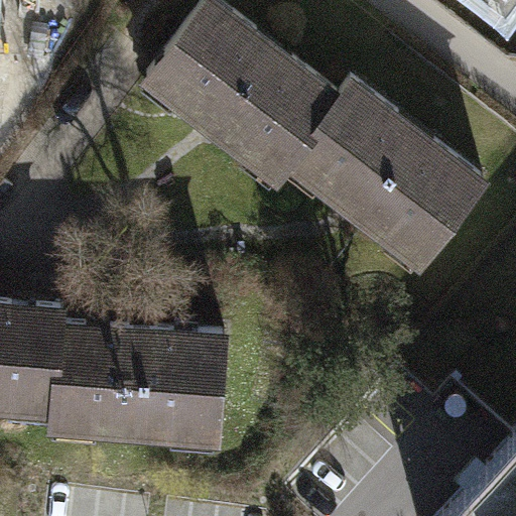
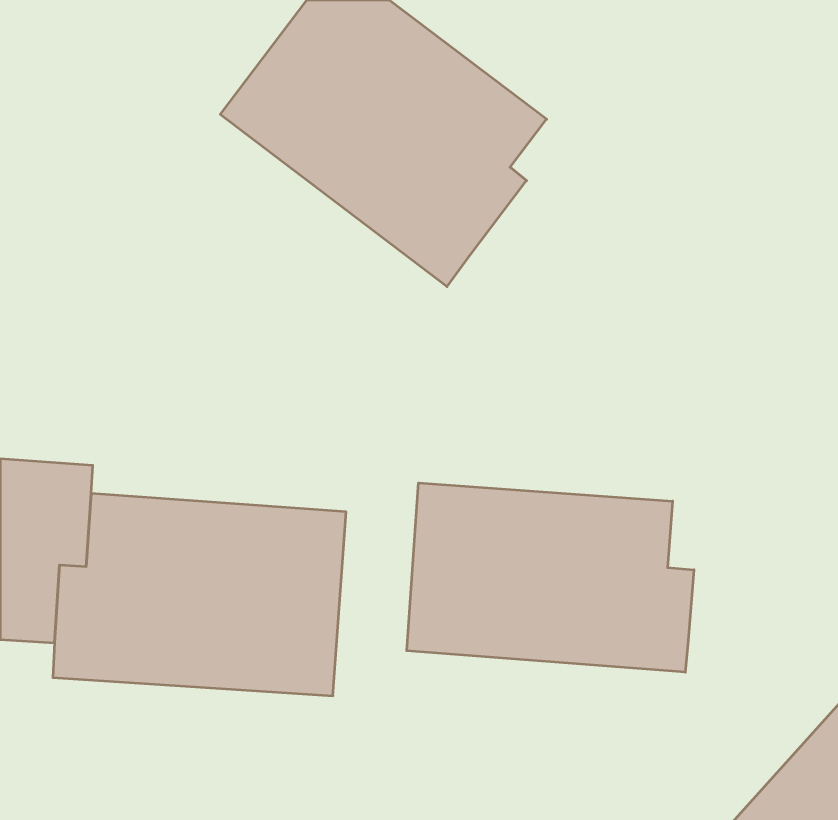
building: [290,74,485,267] -> none
building: none -> [407,483,694,672]

